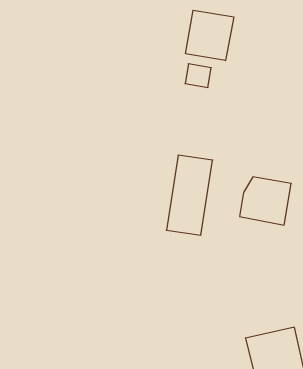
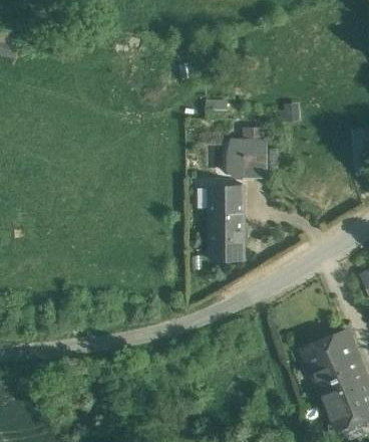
building: [186,10,234,61] -> none
building: [240,177,291,225] -> [225,138,268,178]

